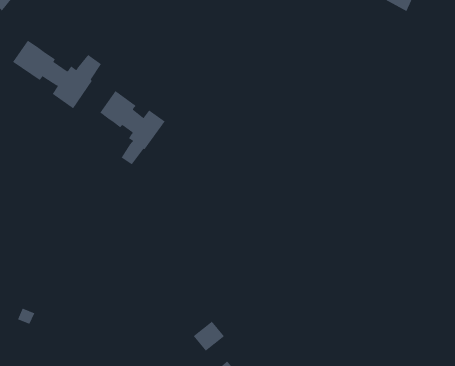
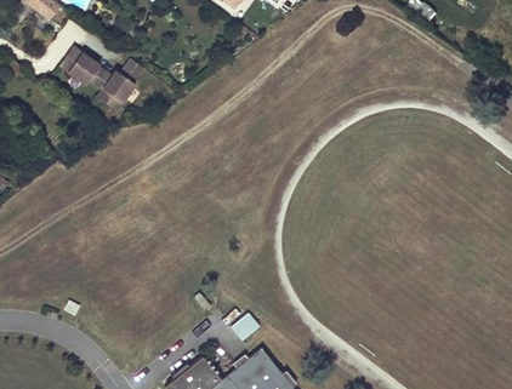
building: [100,90,166,165] -> none

